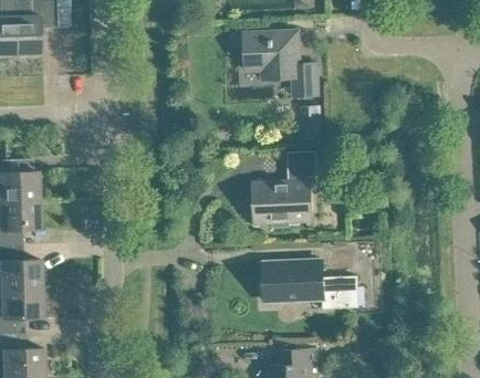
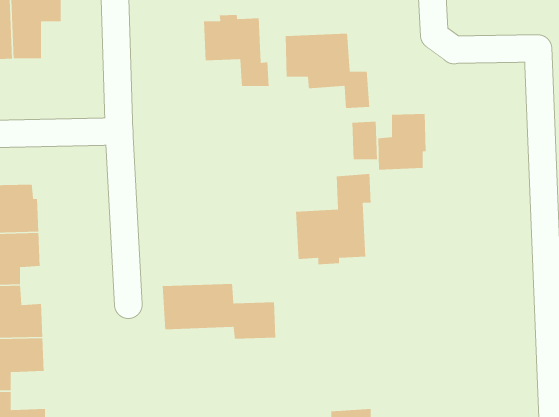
building: none -> [203,14,269,87]
building: none -> [377,113,427,170]
building: [263,261,359,308] -> [162,283,276,339]

